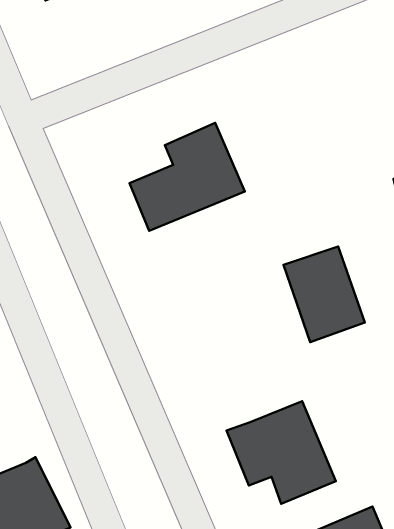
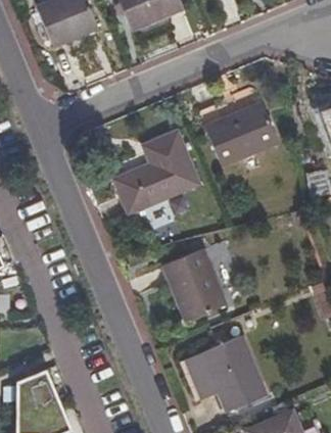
building: none -> [205,100,278,164]
building: [284,247,365,342] -> [167,248,226,318]

